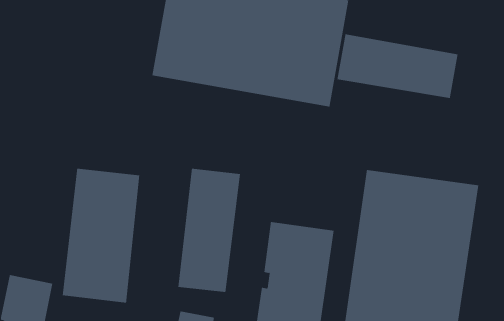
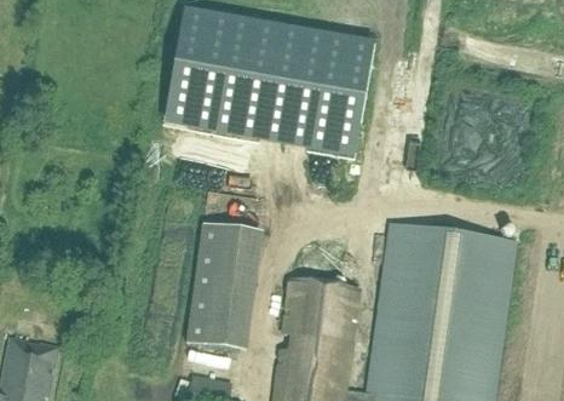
building: [337,34,458,99] -> none
building: [62,168,140,303] -> none

